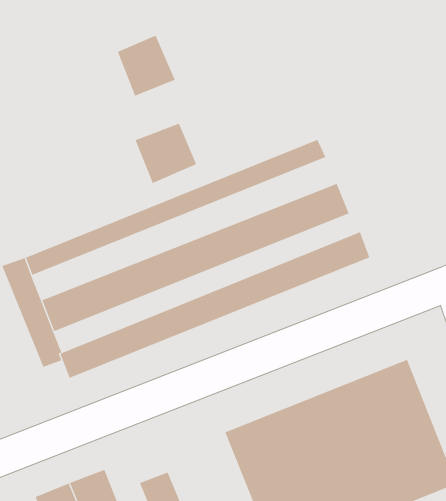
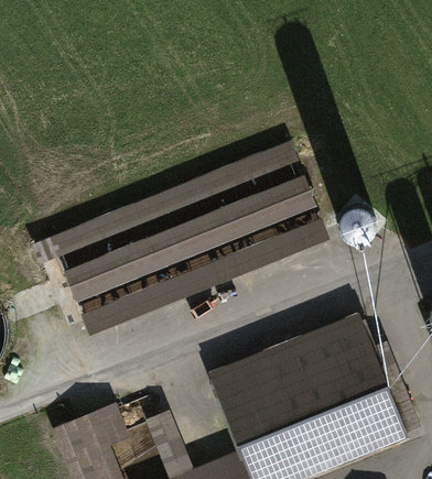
building: [117,35,176,97] -> none
building: [135,123,197,184] -> none

